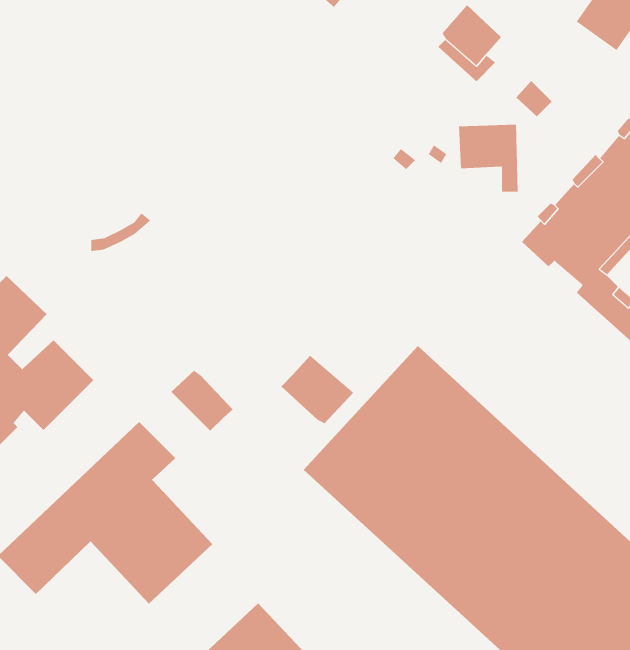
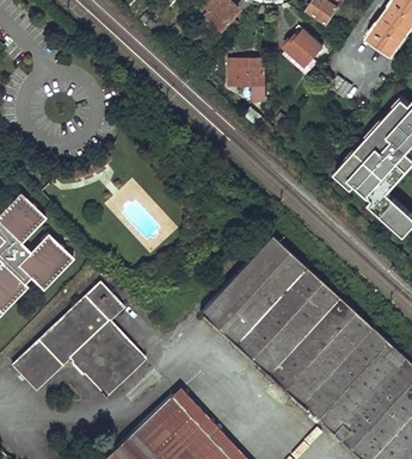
building: [458,124,519,192] -> [228,57,265,99]
building: [281,355,354,424] -> none
building: [171,370,234,431] -> none

